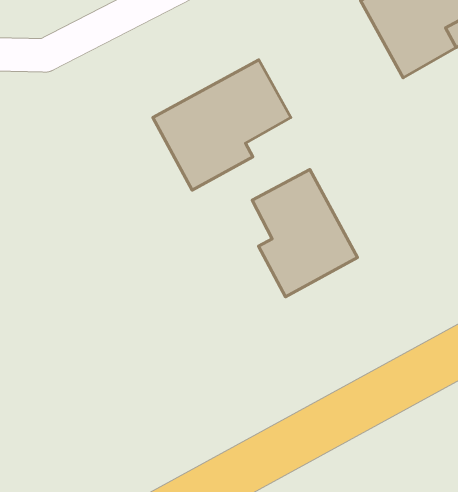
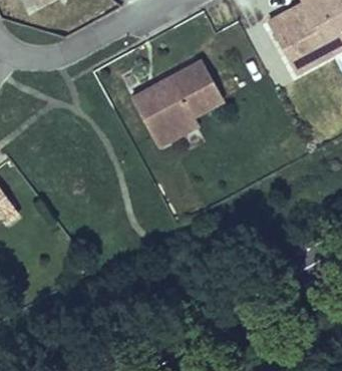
building: [252,169,358,297] -> none

